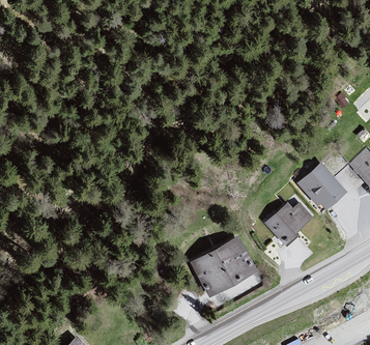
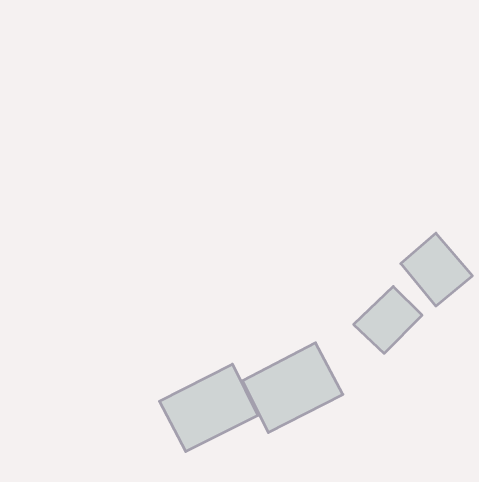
building: none -> [159,364,258,452]

